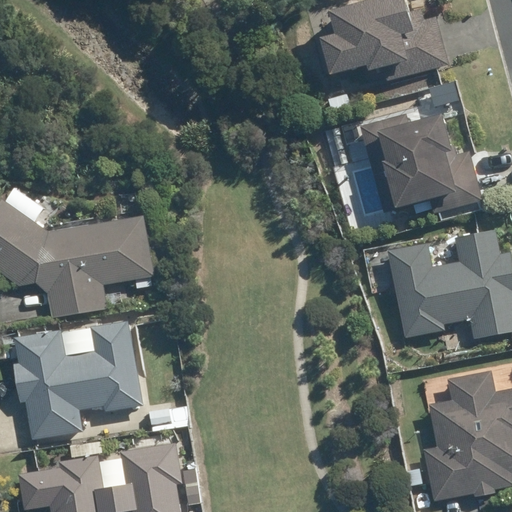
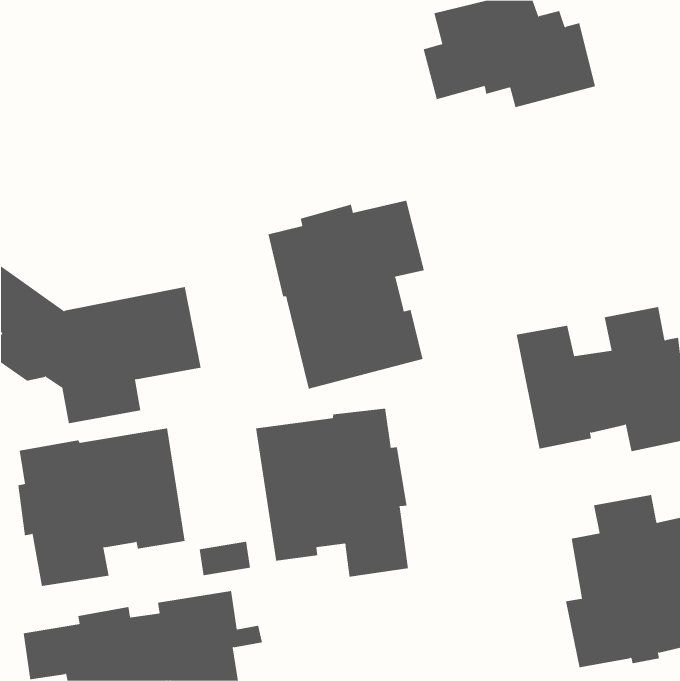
building: [361,113,484,213] -> none
building: none -> [268,200,425,389]
building: none -> [255,408,408,578]

